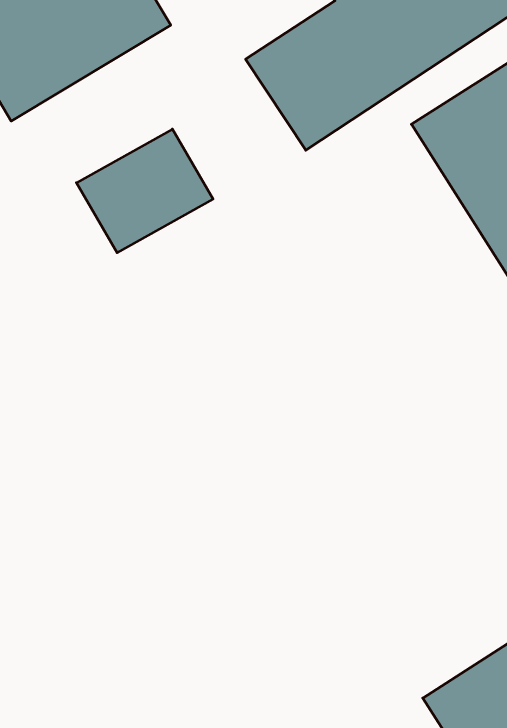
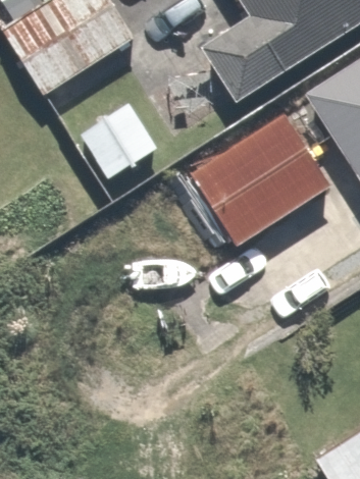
building: none -> [191,107,337,246]

